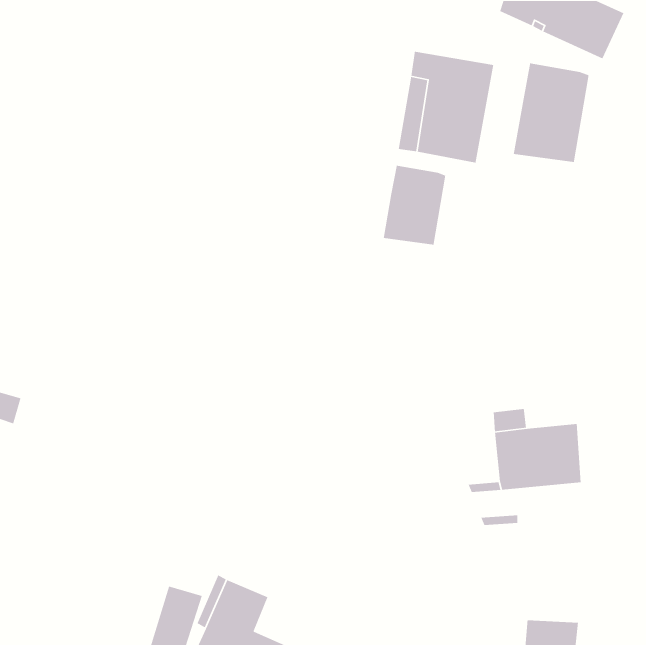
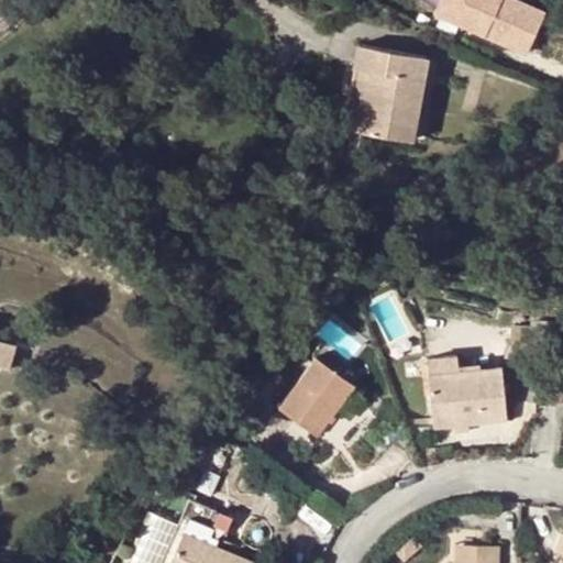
building: [513,62,589,163] -> none
building: [383,165,446,246] -> none
building: none -> [280,360,354,437]

